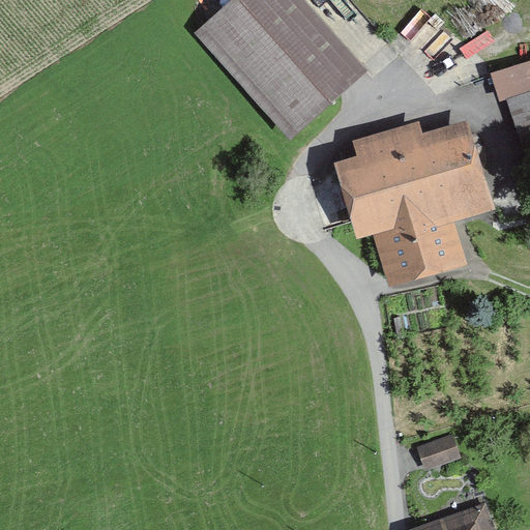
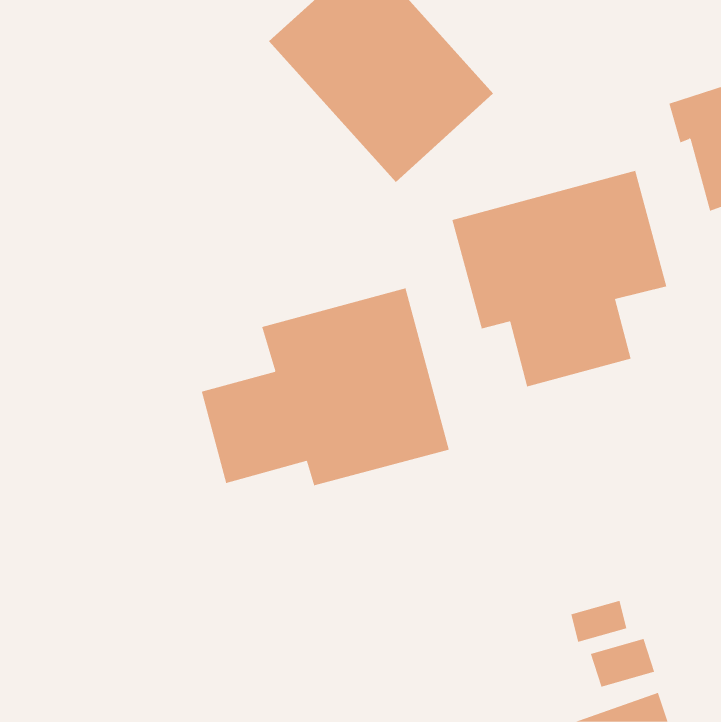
building: none -> [201,288,449,486]
building: none -> [590,638,655,687]

